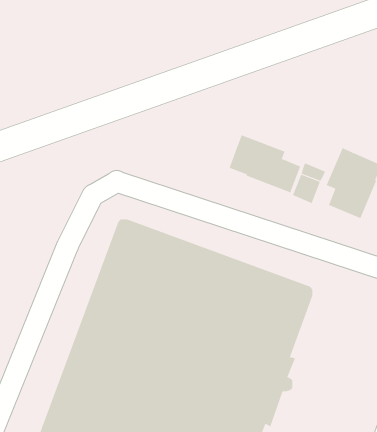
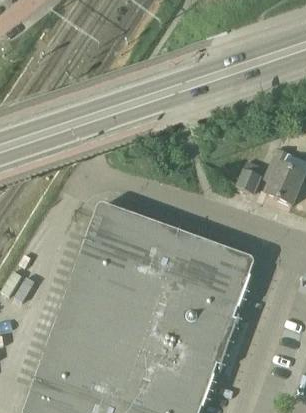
building: [229,134,301,193] -> none

